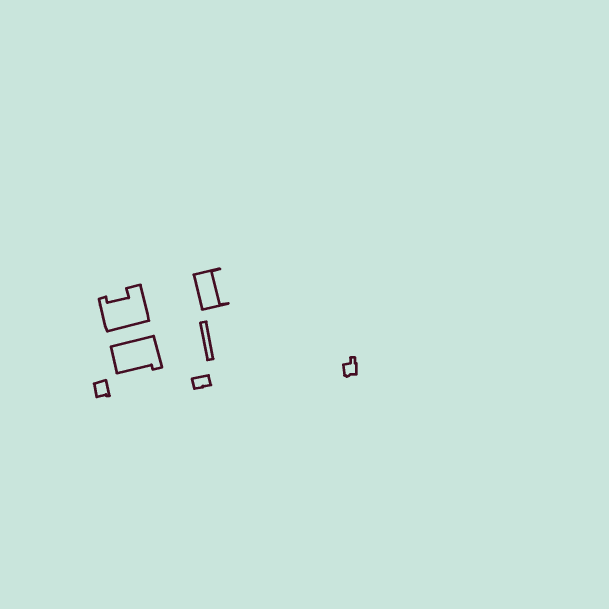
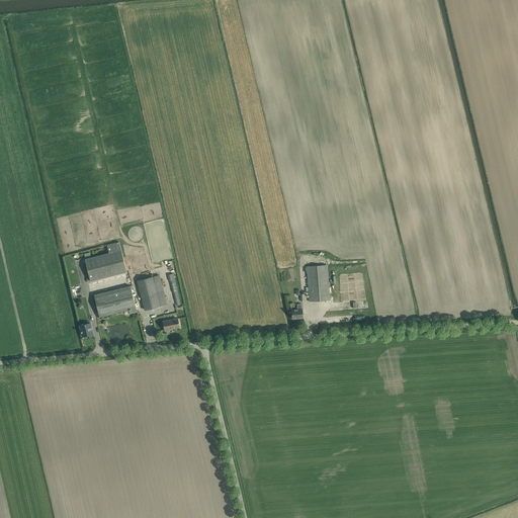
building: [194,269,228,309] -> [138,275,167,310]
building: none -> [307,265,330,301]

